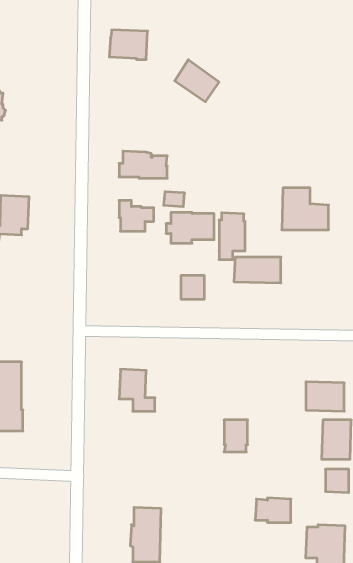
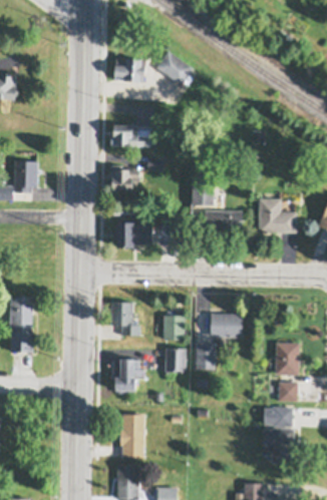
building: [109,30,148,59] -> [114,57,145,81]
building: [282,188,329,230] -> [259,198,297,232]
building: [166,212,214,243] -> [113,222,152,247]
building: [306,382,344,411] -> [212,314,243,338]
building: none -> [163,316,185,340]
building: none -> [166,348,186,375]
building: none -> [114,359,144,394]
building: [255,498,291,522] -> [264,407,293,427]

